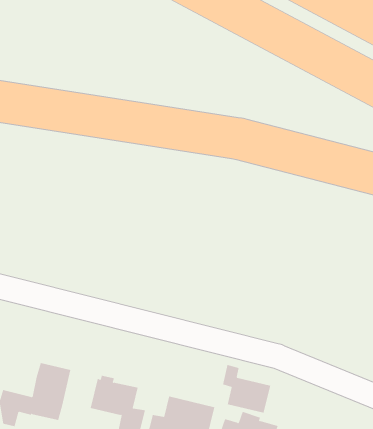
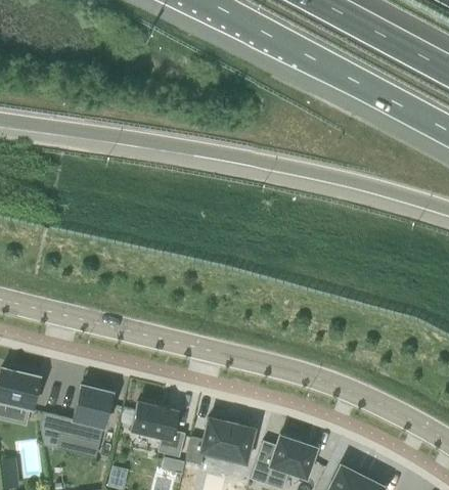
building: [222,364,271,414] -> none

